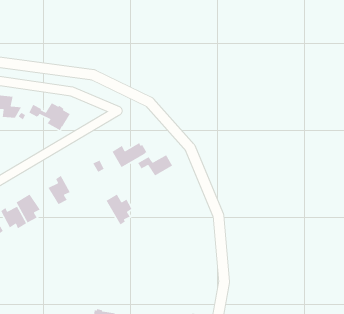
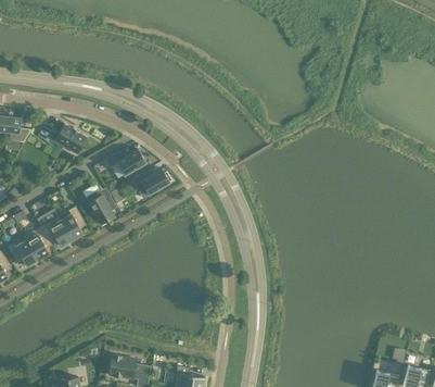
building: [137,154,173,176] -> [105,150,145,175]
building: none -> [40,216,72,246]
building: [105,194,133,226] -> [86,190,116,226]

